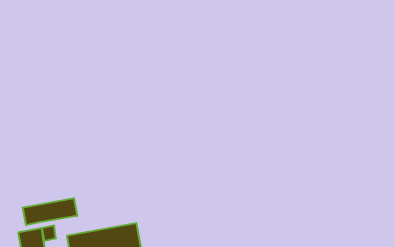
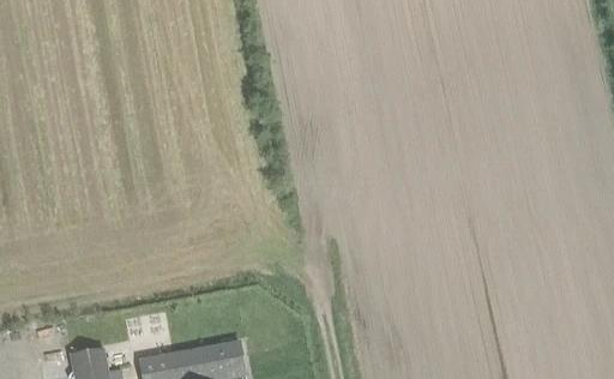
building: [23,198,77,225] -> none

